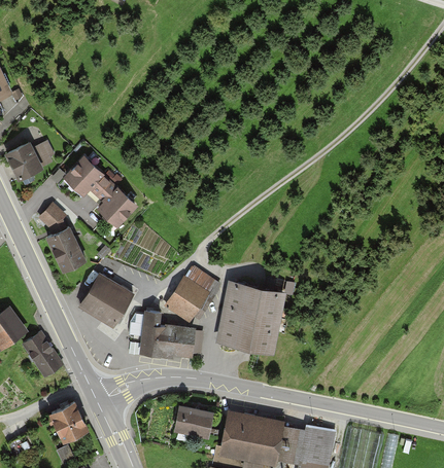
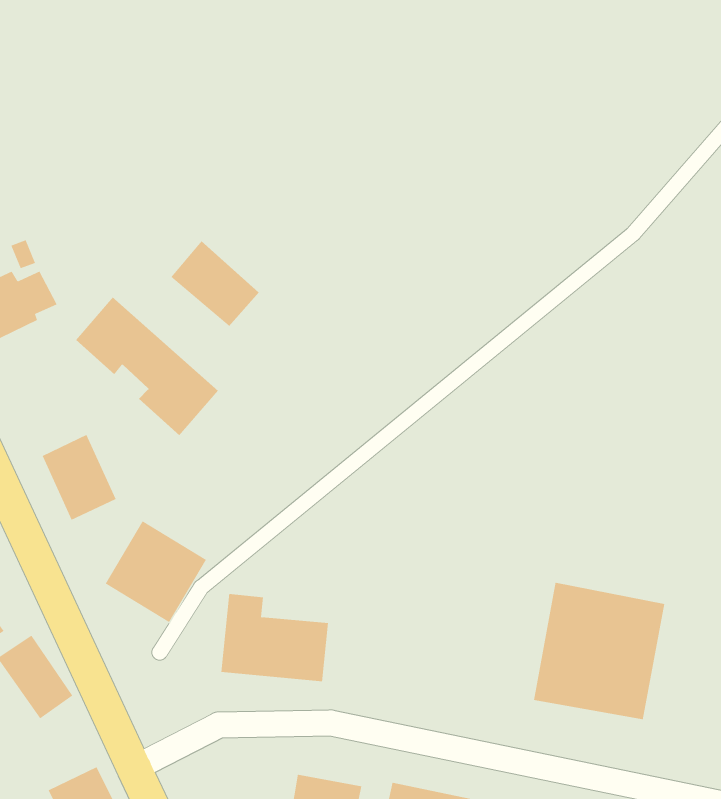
building: none -> [171,241,260,327]
building: [38,204,66,231] -> none
building: [164,265,221,323] -> none
building: [217,281,286,353] -> [533,582,665,720]

